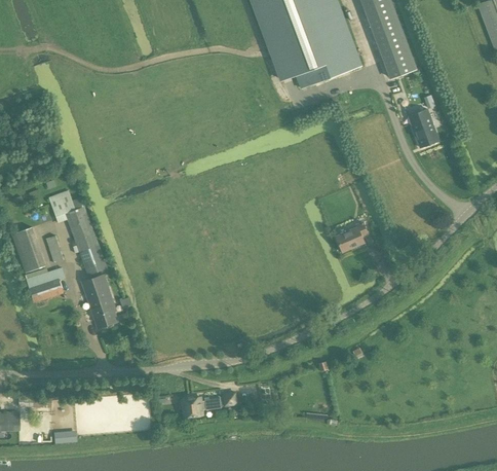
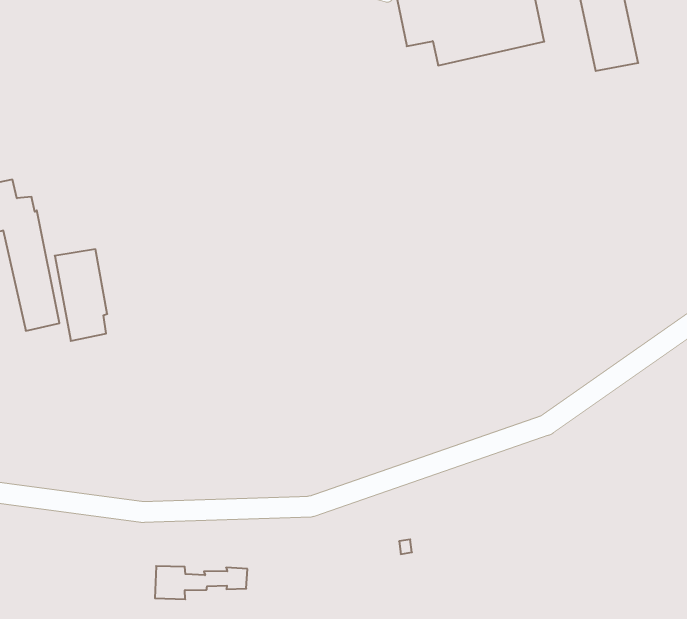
building: [409,109,438,148] -> none
building: [335,221,368,252] -> none
building: [81,275,117,329] -> [55,249,107,341]

